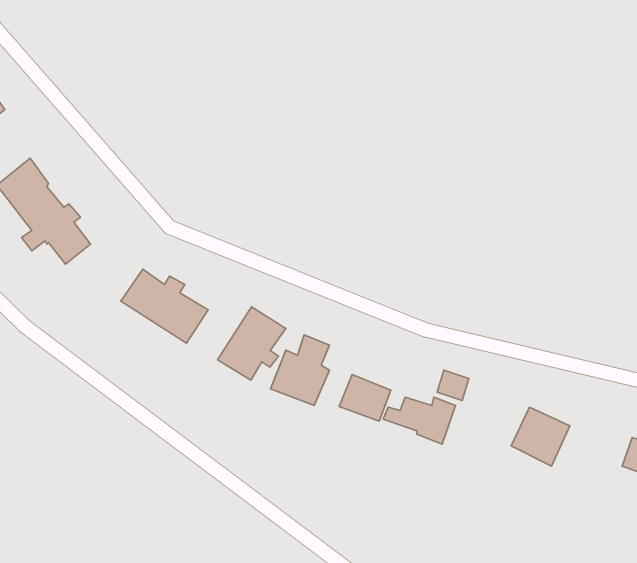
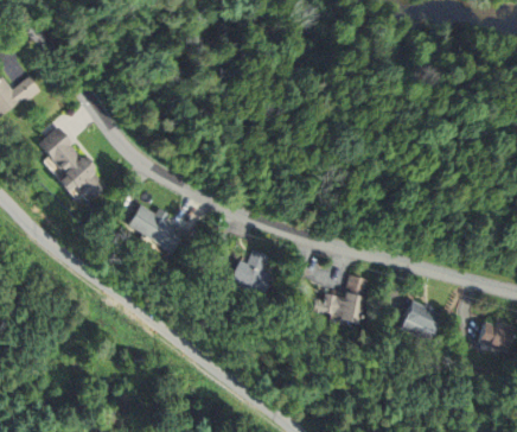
building: [217,307,286,380] -> none
building: [339,375,391,421] -> none

